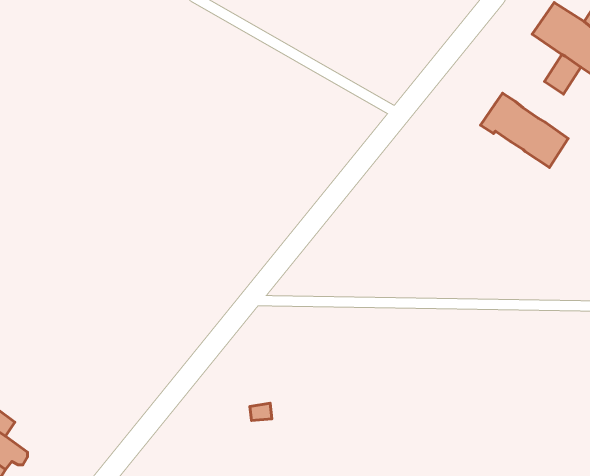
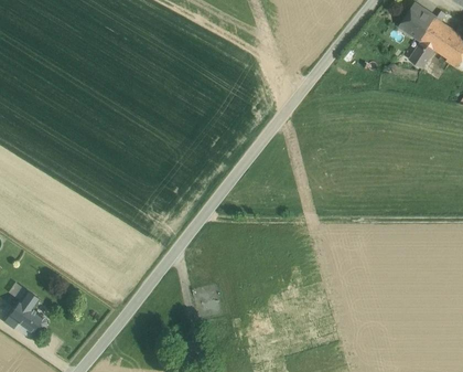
building: [480,93,568,168] -> none

